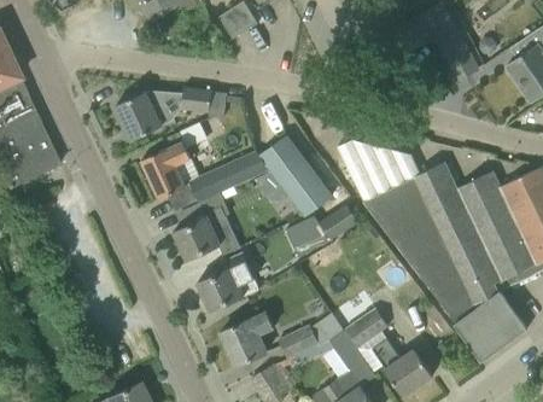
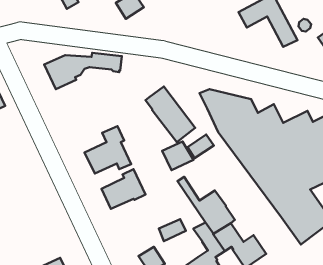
building: [141,141,192,199] -> none
building: [189,151,270,203] -> none
building: [221,311,273,366] -> none

